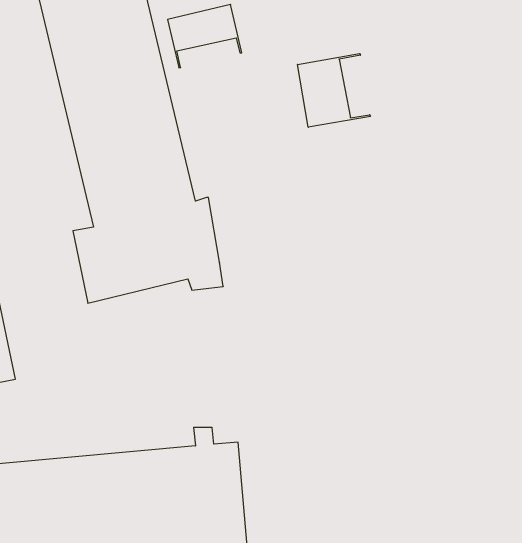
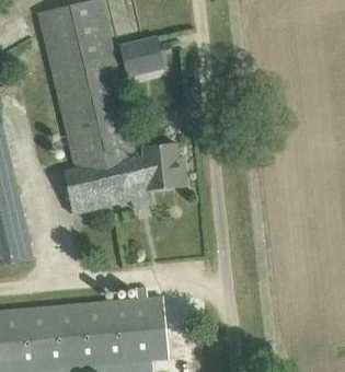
building: [298,54,370,127] -> none
building: none -> [142,143,186,190]

